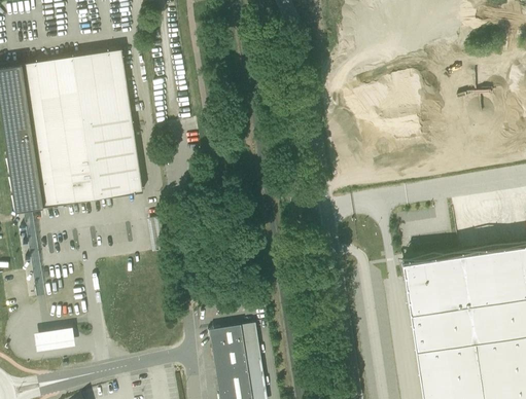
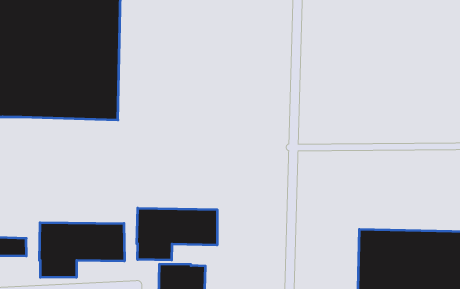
building: none -> [137,208,217,260]
building: none -> [39,223,124,277]

